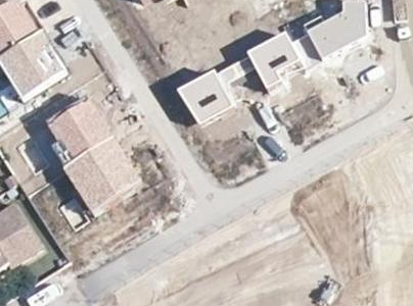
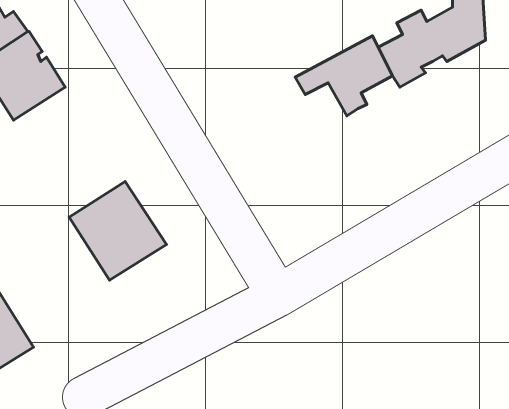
building: [177,60,237,123] -> none
building: [43,94,108,160] -> none

